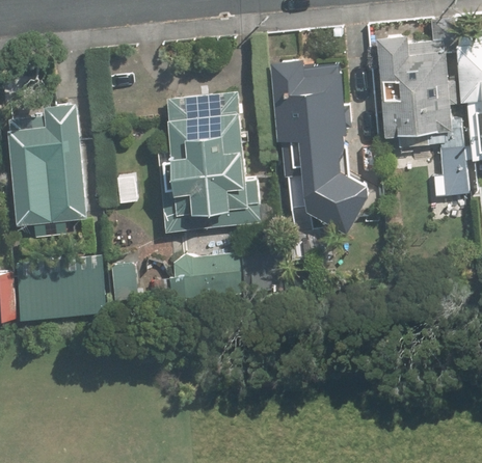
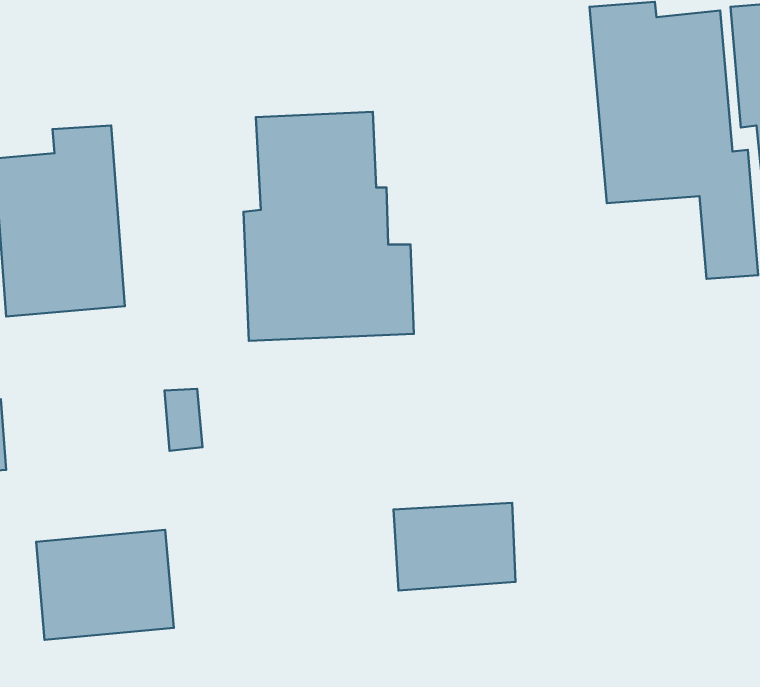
building: [267,61,374,233] -> none
building: [168,251,242,304] -> [393,503,516,590]
building: [21,254,104,321] -> [36,530,174,640]

